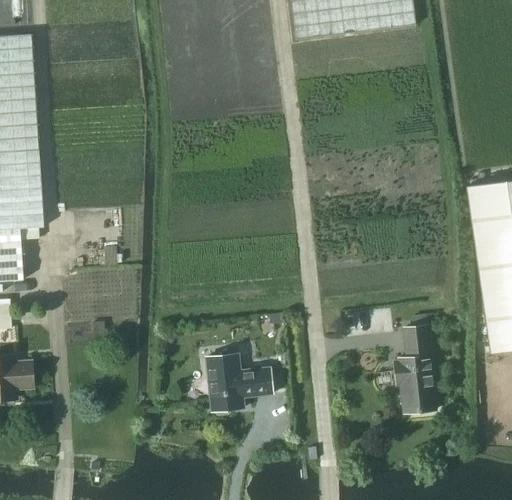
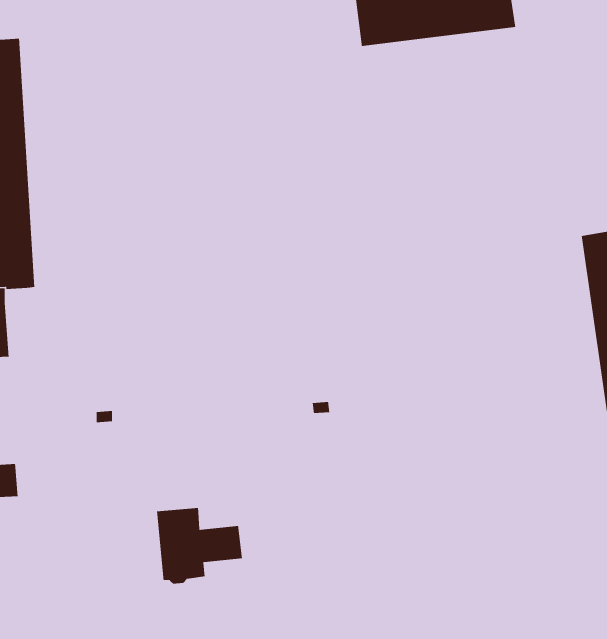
building: [393,324,435,412] -> none
building: [205,353,272,413] -> [156,507,243,585]

